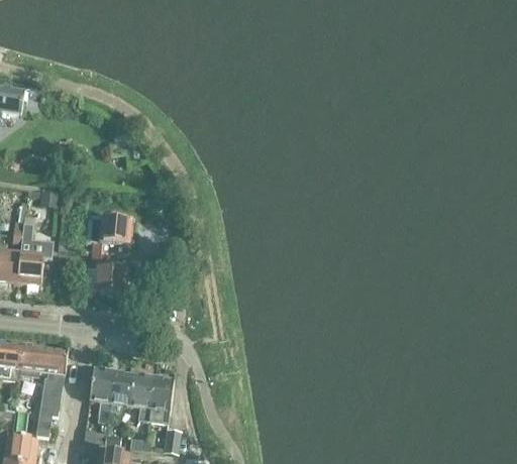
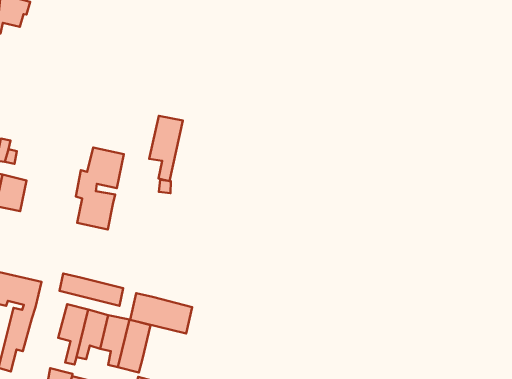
building: none -> [149,116,183,181]
building: none -> [59,273,123,306]
building: none -> [130,293,192,334]

